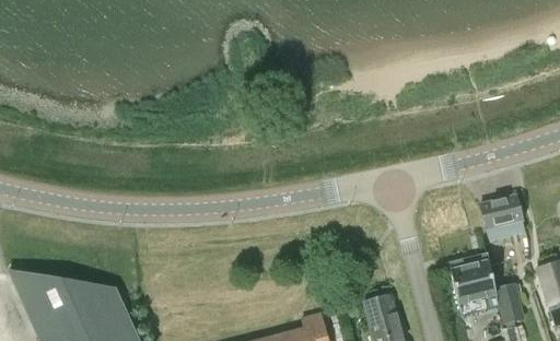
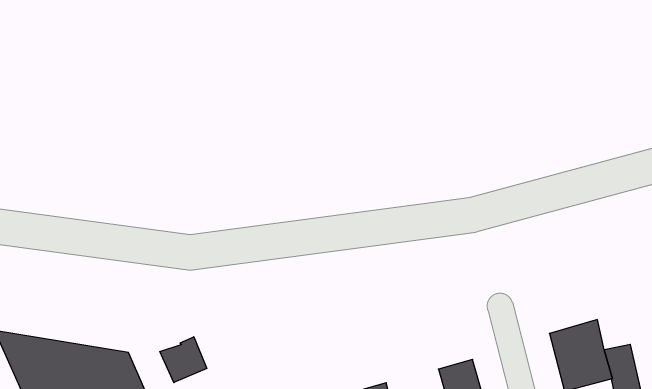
building: [479,196,524,242] -> none
building: none -> [160,337,207,383]

